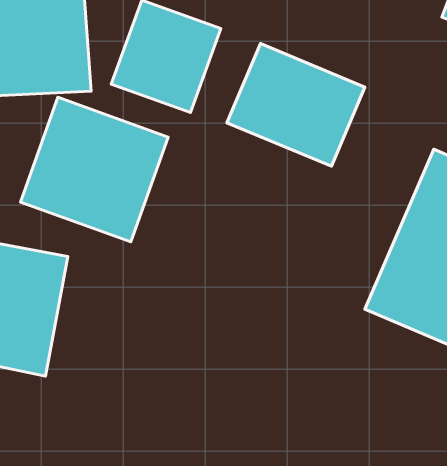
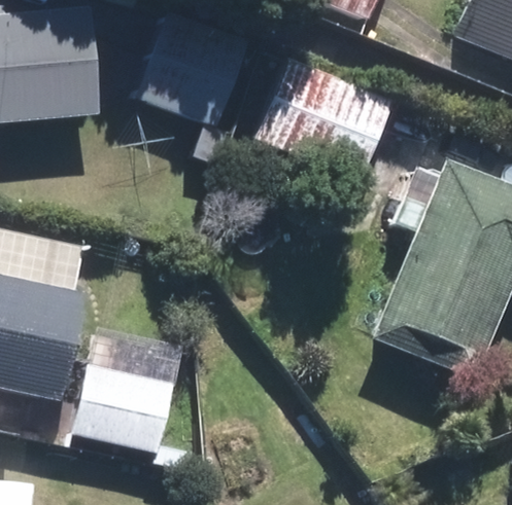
building: [20,97,168,242] -> none
building: none -> [81,320,190,447]

